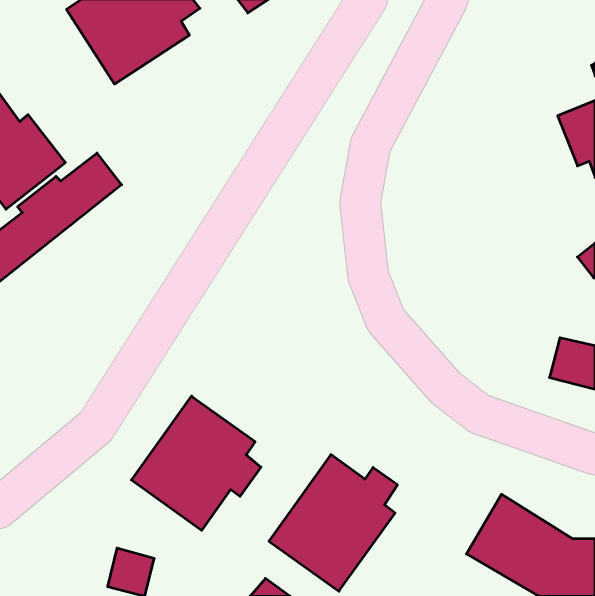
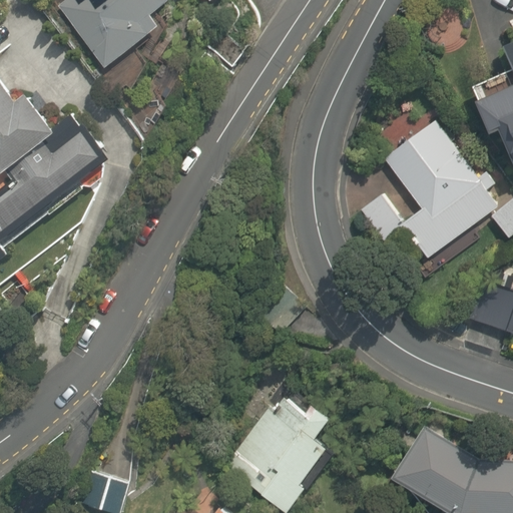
building: none -> [360,124,495,255]
building: [131,396,261,530] -> none

